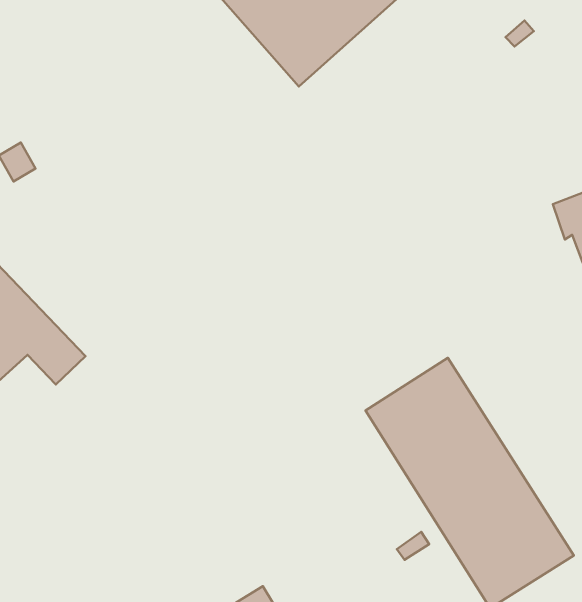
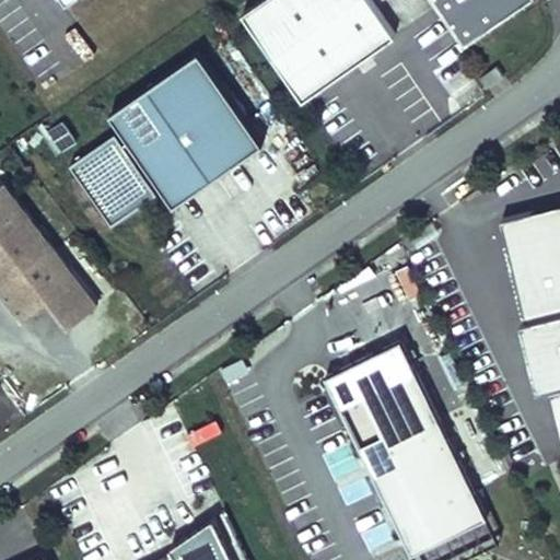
building: none -> [110,55,260,206]
building: none -> [70,137,155,226]

